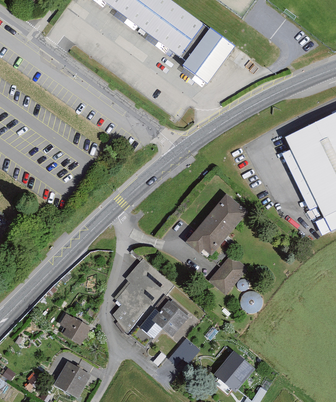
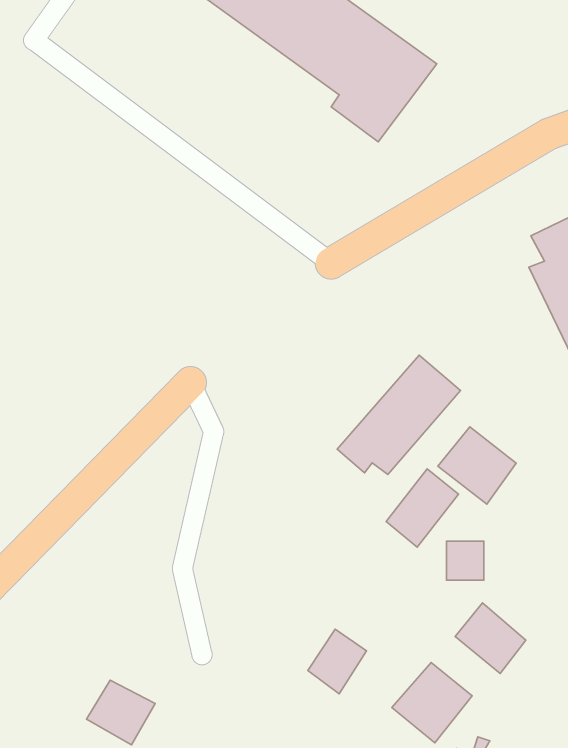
building: none -> [438,427,516,504]
building: [110,255,188,345] -> none
building: [58,311,91,343] -> none
building: none -> [455,603,526,674]

